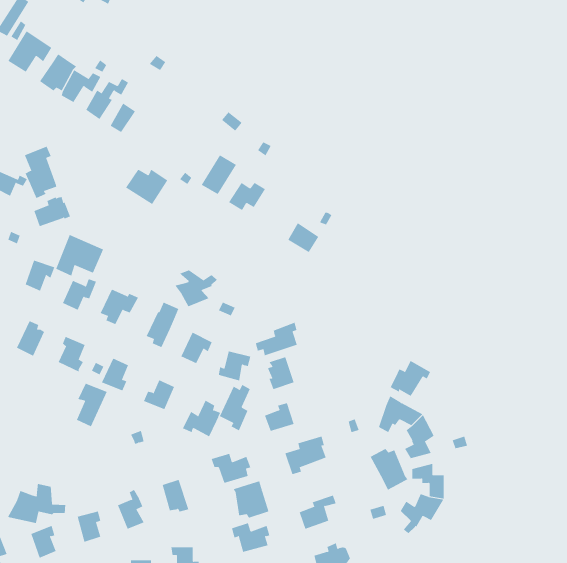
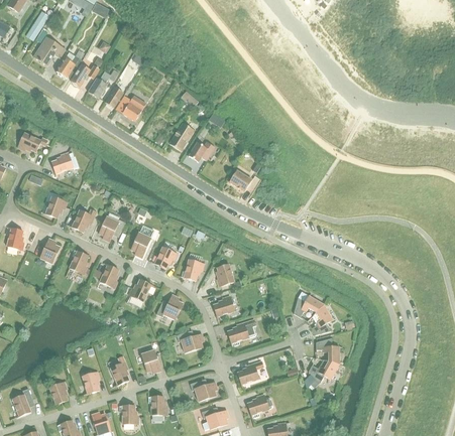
building: [24,146,57,199] -> none
building: [125,169,168,205] -> [115,95,145,120]
building: [56,234,104,276] -> none
building: [175,270,218,307] -> none
building: [255,322,297,356] -> none
building: [390,360,431,397] -> none
building: [76,383,108,427] -> none
building: [219,384,251,431] -> none
building: [370,448,408,490] -> none
building: [233,481,269,518] -> none
building: [7,483,66,524] -> none

